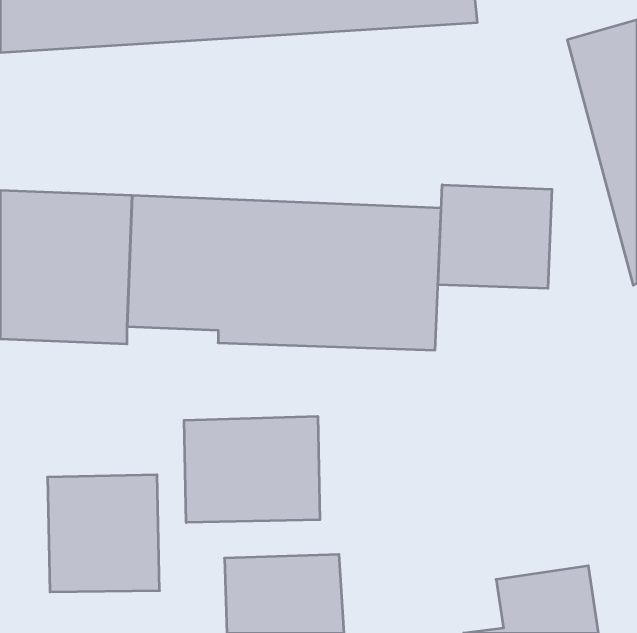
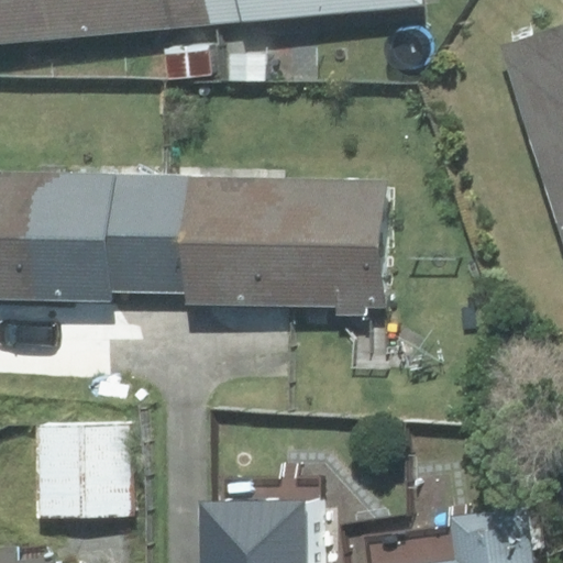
building: [438,185,552,288] -> none
building: [184,416,320,523] -> none

